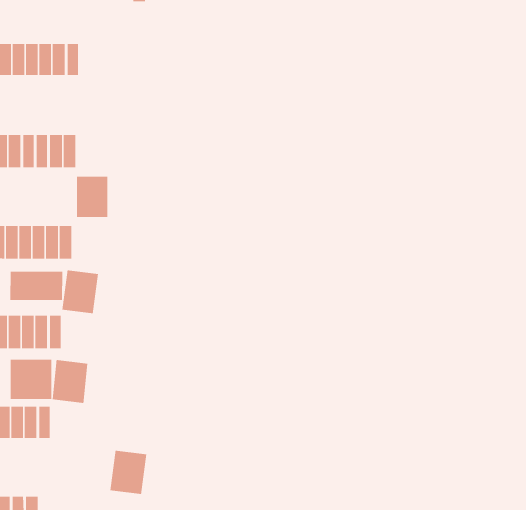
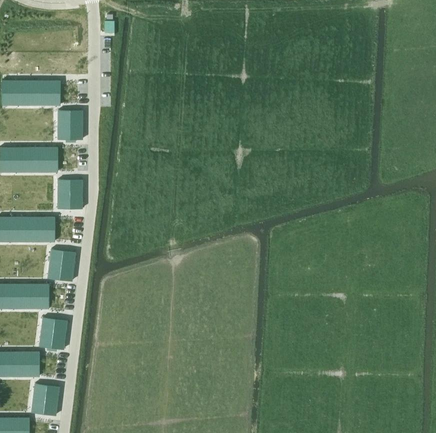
building: none -> [57,109,81,139]
building: [10,271,63,301] -> none
building: [10,359,52,400] -> none
building: [110,450,147,494] -> [30,381,58,414]

